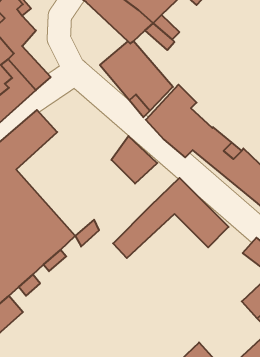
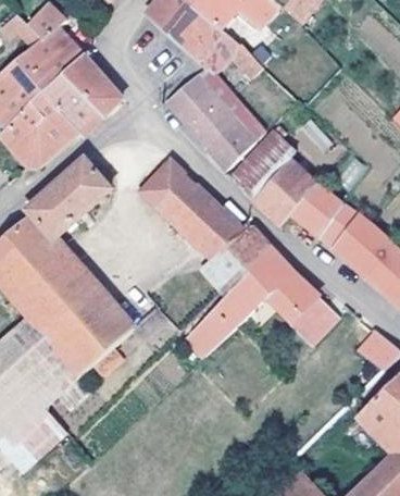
building: none -> [64,53,122,115]
building: none -> [143,159,205,225]
building: none -> [209,224,273,287]

